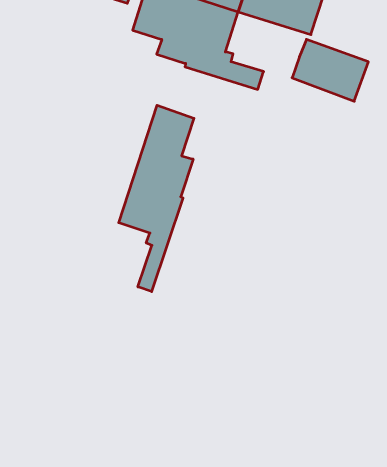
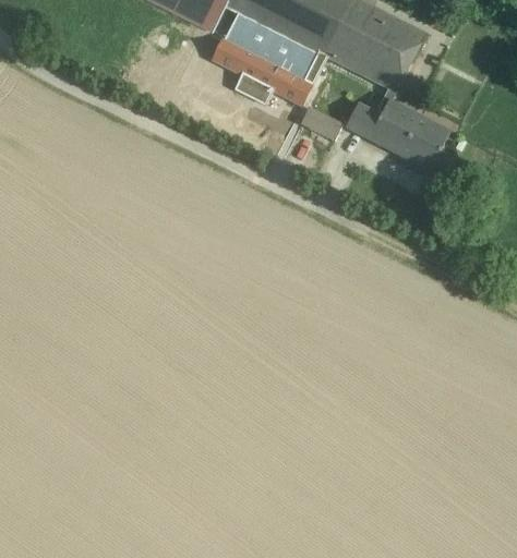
building: none -> [345,99,380,132]
building: [119,105,194,292] -> none

